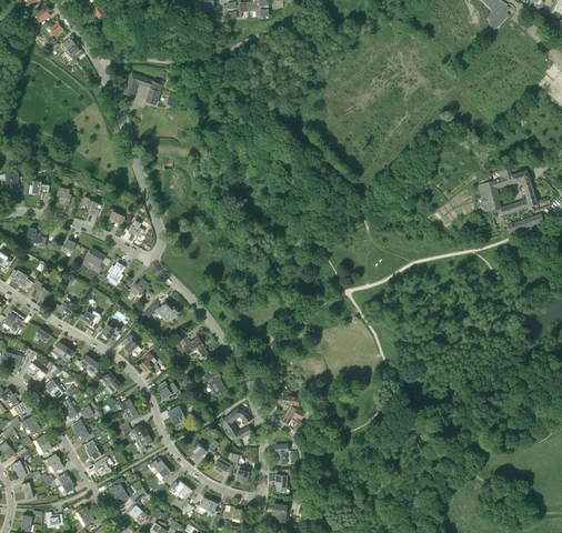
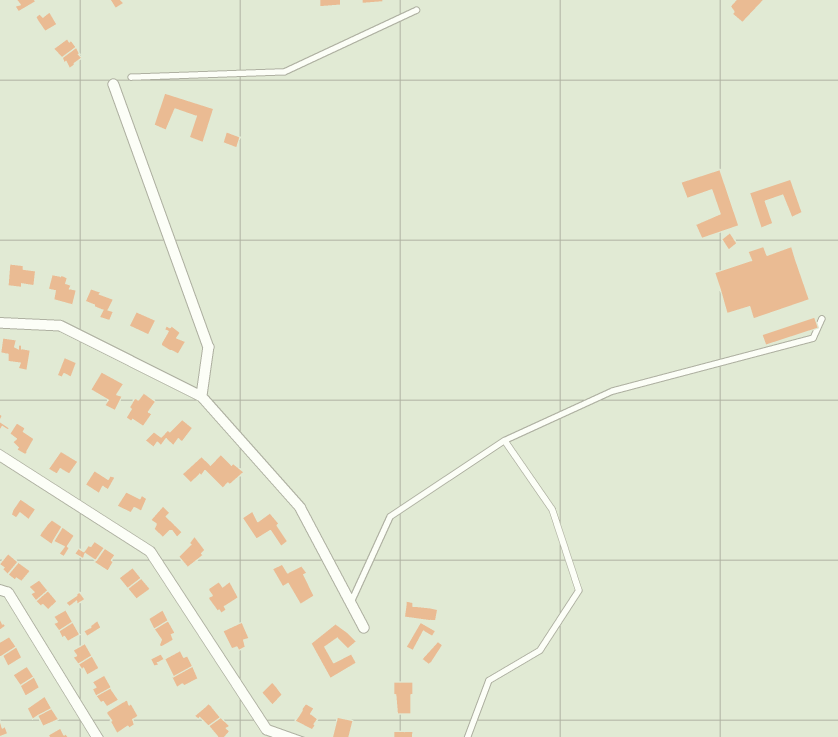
building: none -> [681,169,739,239]
building: none -> [750,179,802,228]

